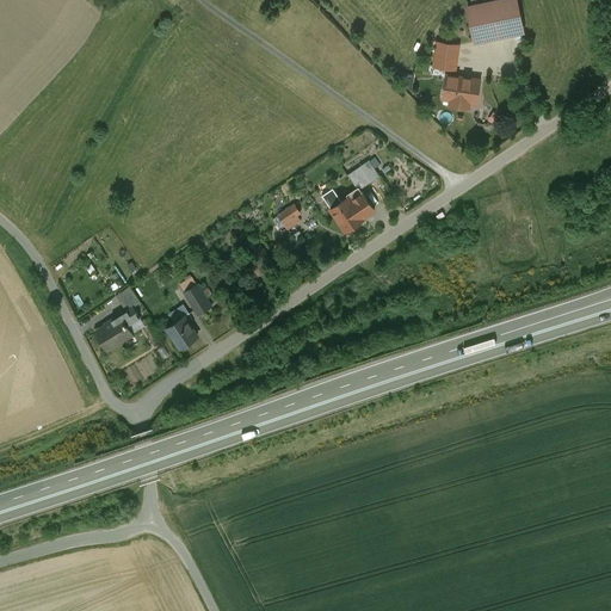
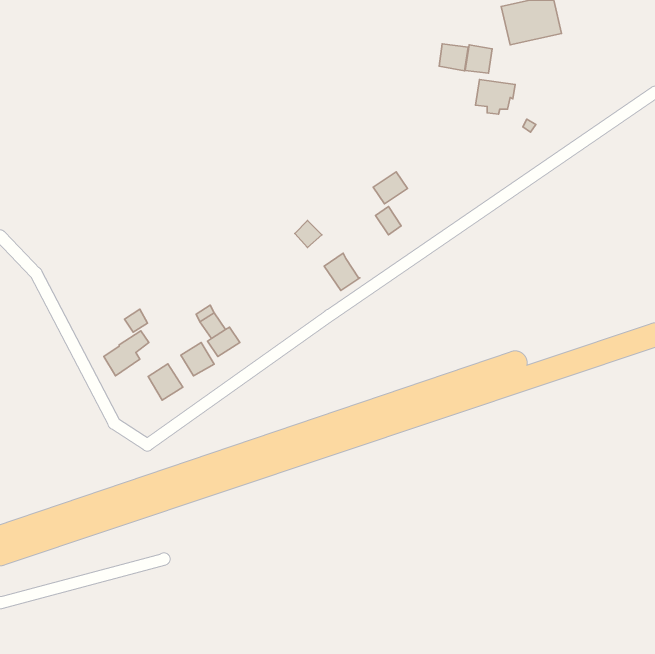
building: none -> [439,44,468,71]
building: [329,197,363,232] -> [324,253,360,291]
building: none -> [148,364,183,400]

